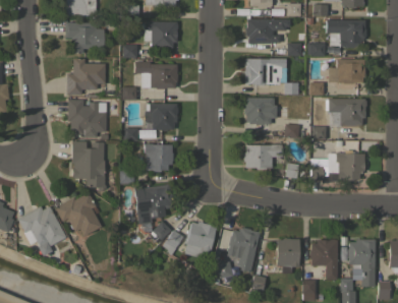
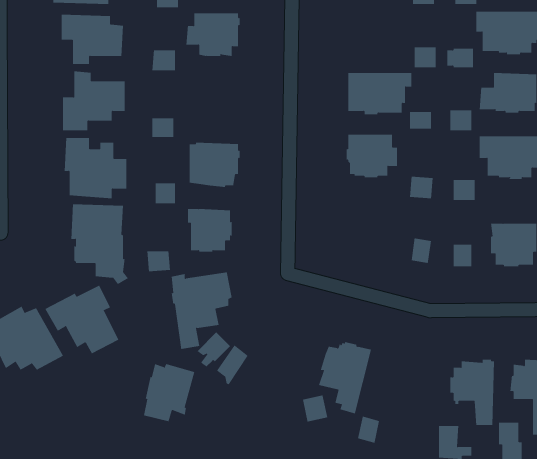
building: [245,19,290,44] -> none
building: [135,62,177,88] -> none
building: [244,145,282,170] -> none
building: [184,222,217,258] -> [143,364,195,422]
building: [277,239,299,274] -> none

